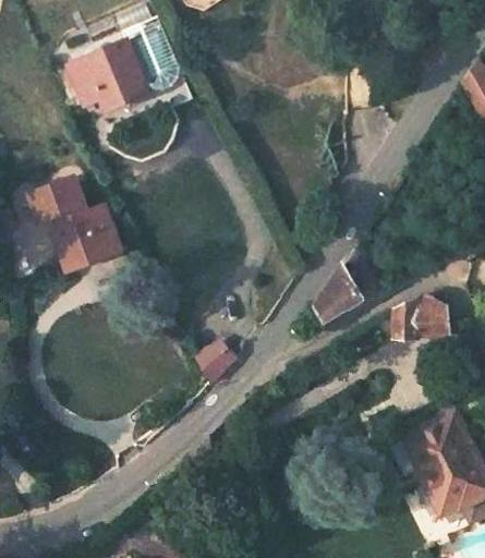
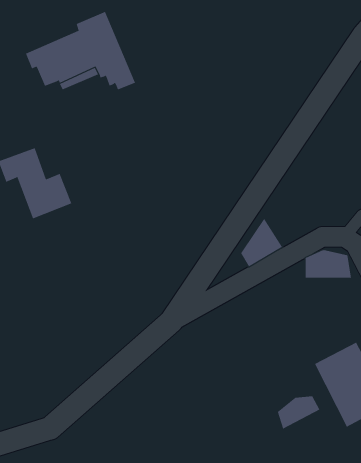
building: [194,336,235,384] -> none
building: none -> [277,395,320,429]

